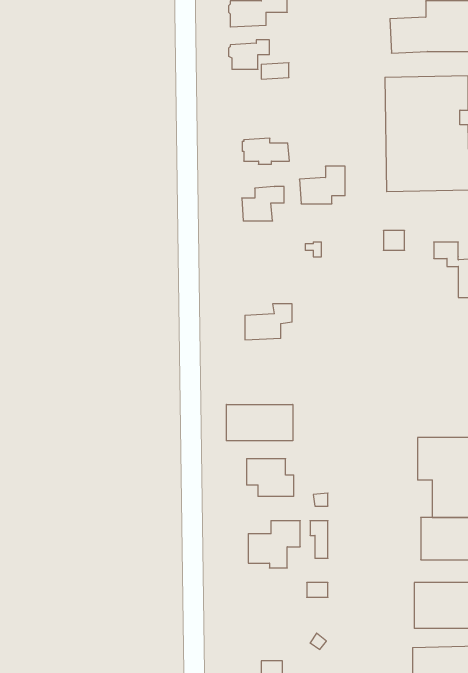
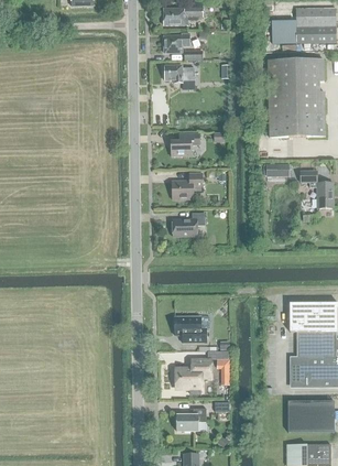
building: [242,138,289,164] -> [163,66,195,84]
building: [299,166,345,204] -> [172,173,203,198]
building: [226,404,293,441] -> none
building: none -> [176,409,206,431]

